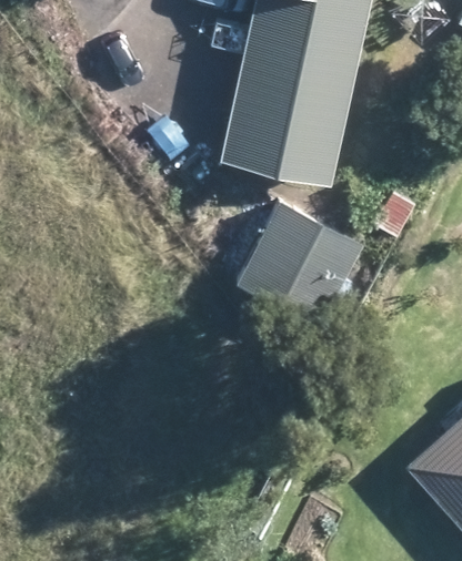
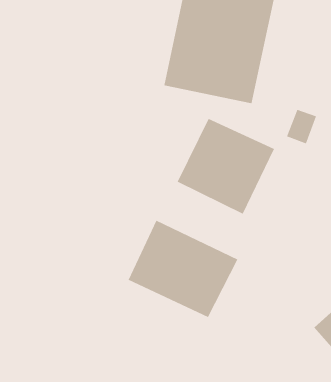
building: none -> [128,220,238,318]

